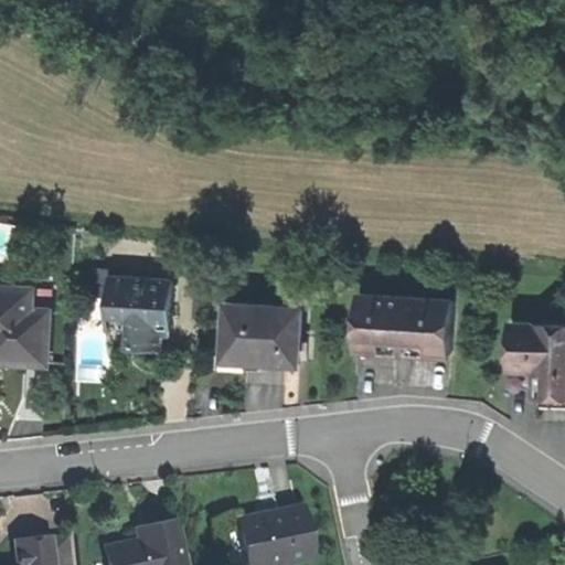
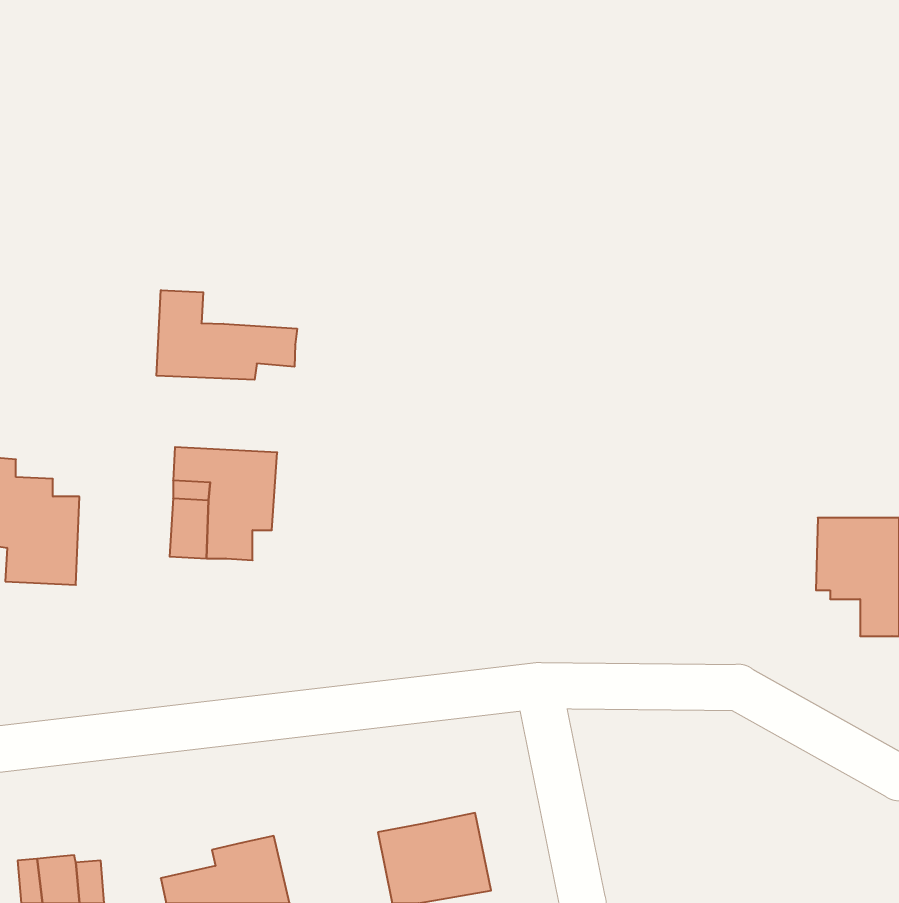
building: none -> [157,290,297,380]
building: [358,296,454,353] -> none
building: [225,303,301,364] -> none

